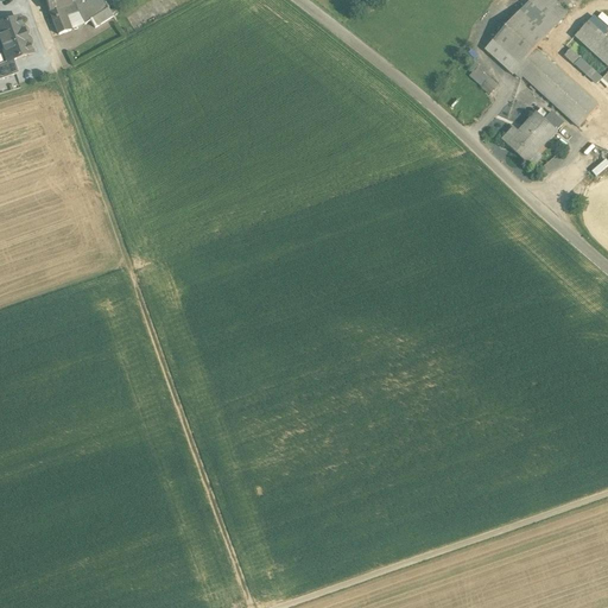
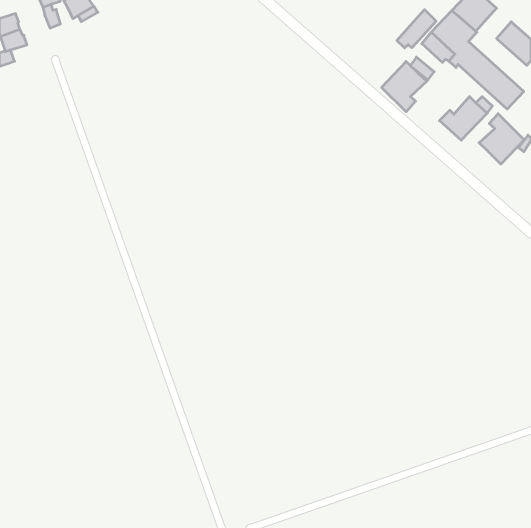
building: none -> [397,10,436,48]
building: none -> [382,61,427,112]
building: none -> [479,114,524,164]

